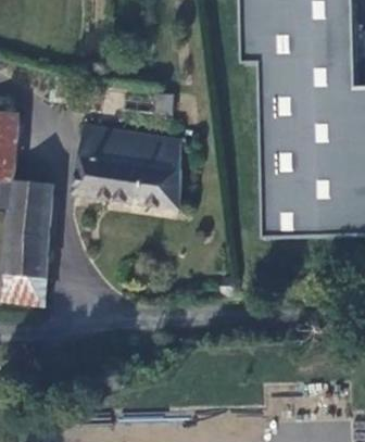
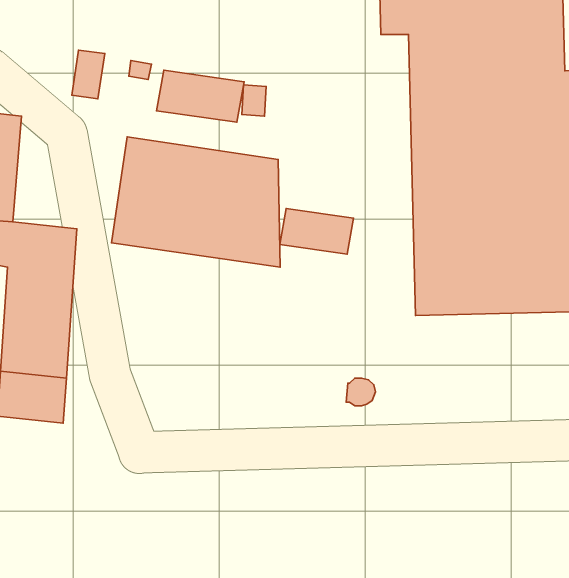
building: none -> [157,70,244,122]
building: none -> [280,209,354,254]

